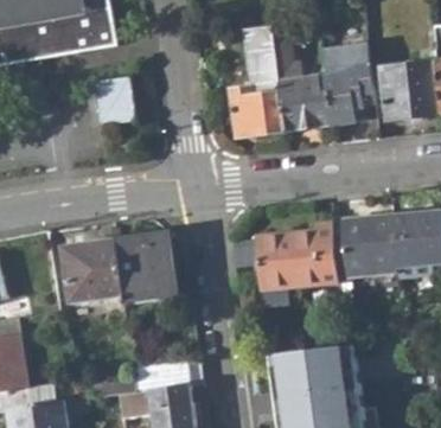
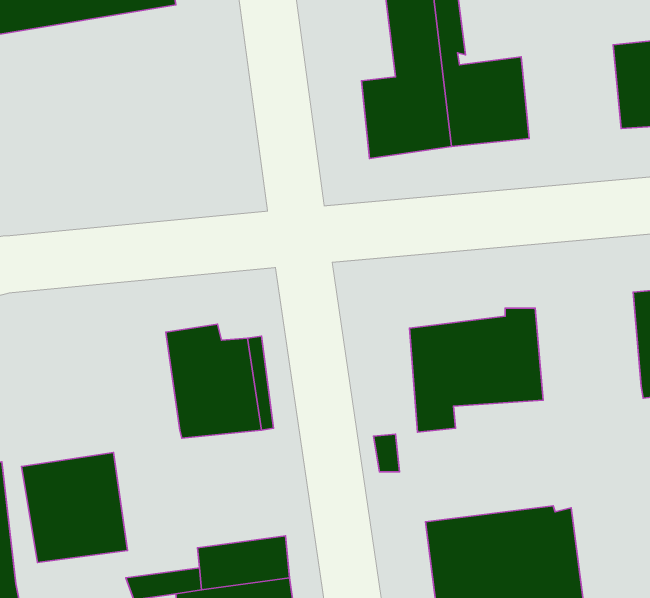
building: [321,50,370,124] -> none
building: [95,78,134,124] -> none
building: [332,216,395,295] -> none
building: [58,239,121,305] -> [22,453,127,562]

